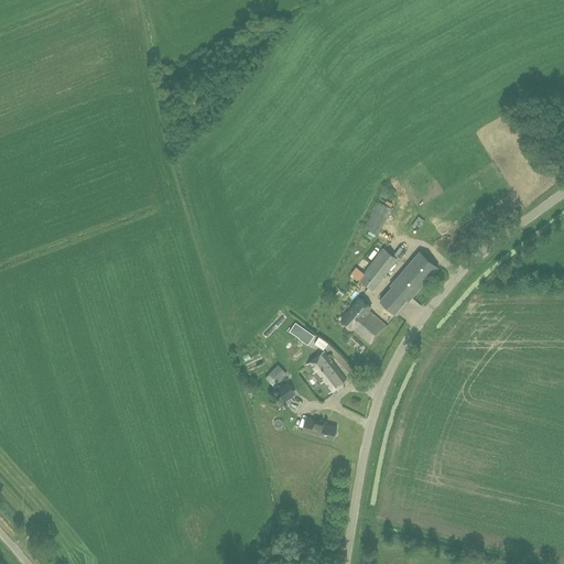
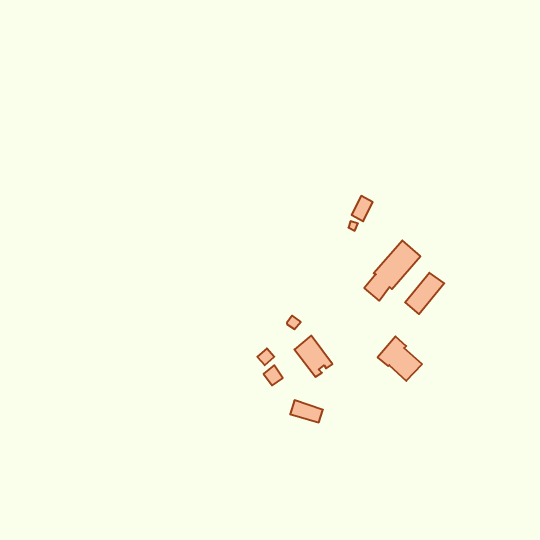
building: [357,247,398,290] -> [405,273,444,314]
building: [340,297,387,344] -> [378,336,422,381]

